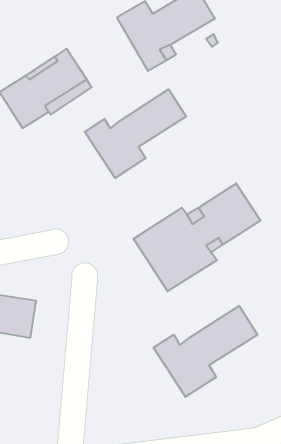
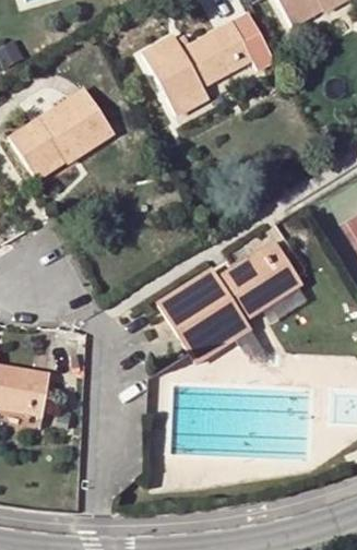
building: [85,89,186,178] -> none
building: [154,306,257,397] -> none

